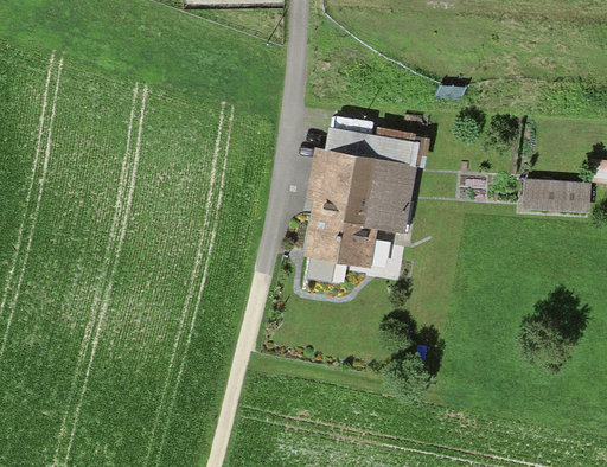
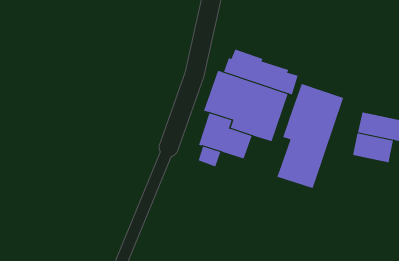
building: none -> [277,83,344,189]
building: none -> [353,132,394,163]

